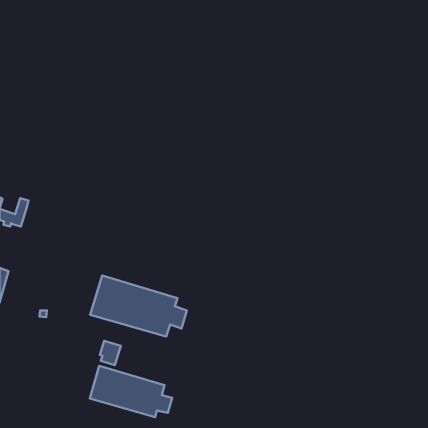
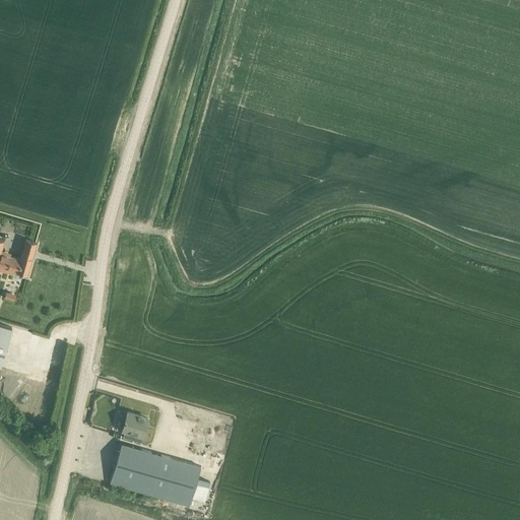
building: [90,276,187,336] -> none

